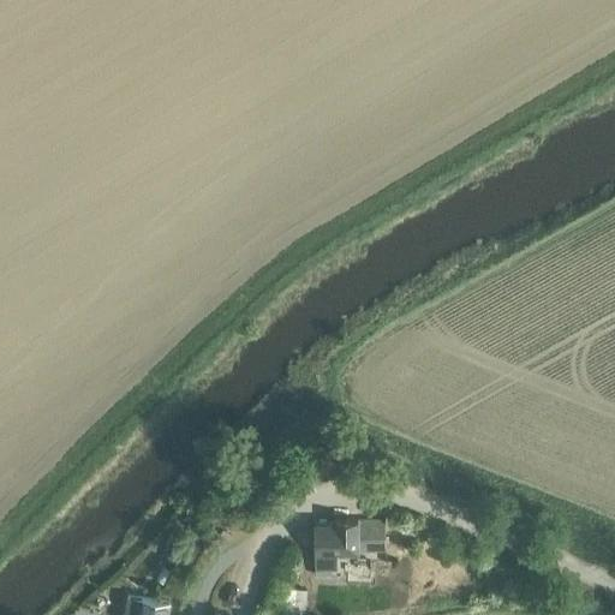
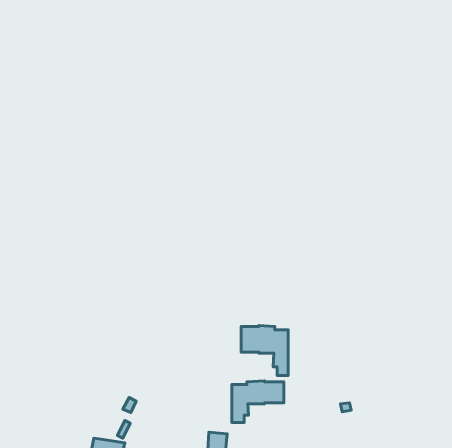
building: none -> [241,325,288,375]

